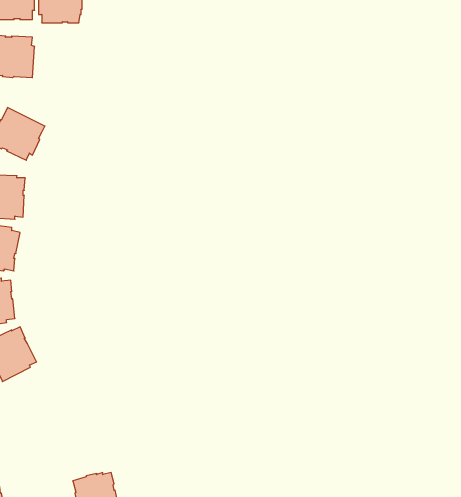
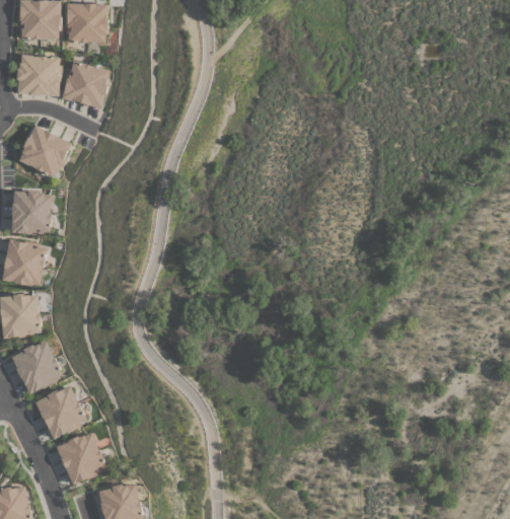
building: none -> [61,60,110,107]
building: none -> [34,385,87,439]
building: none -> [56,432,107,484]

